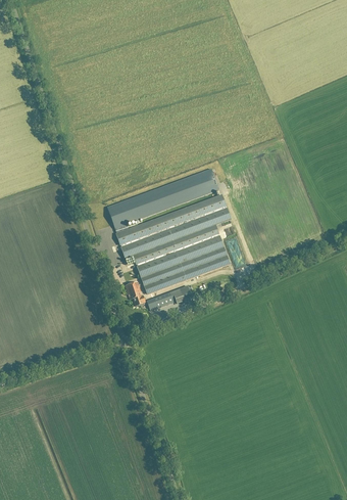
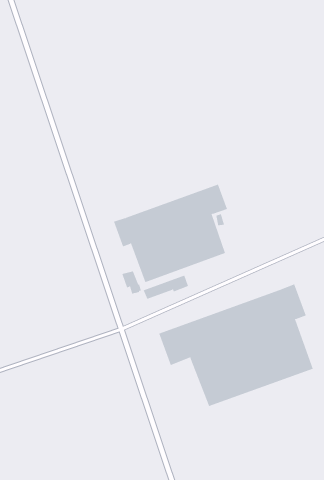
building: [107,169,219,232] -> none
building: none -> [159,283,314,407]

